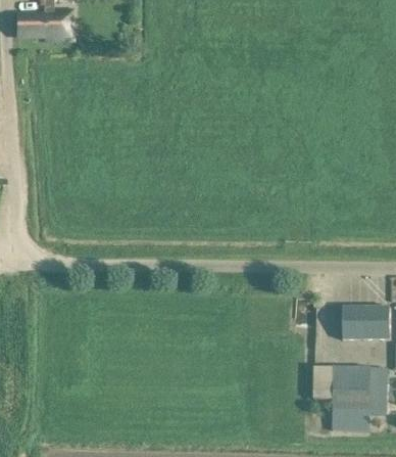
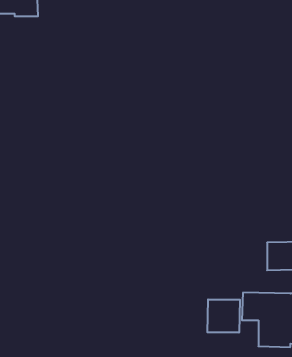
building: none -> [207,299,240,333]

